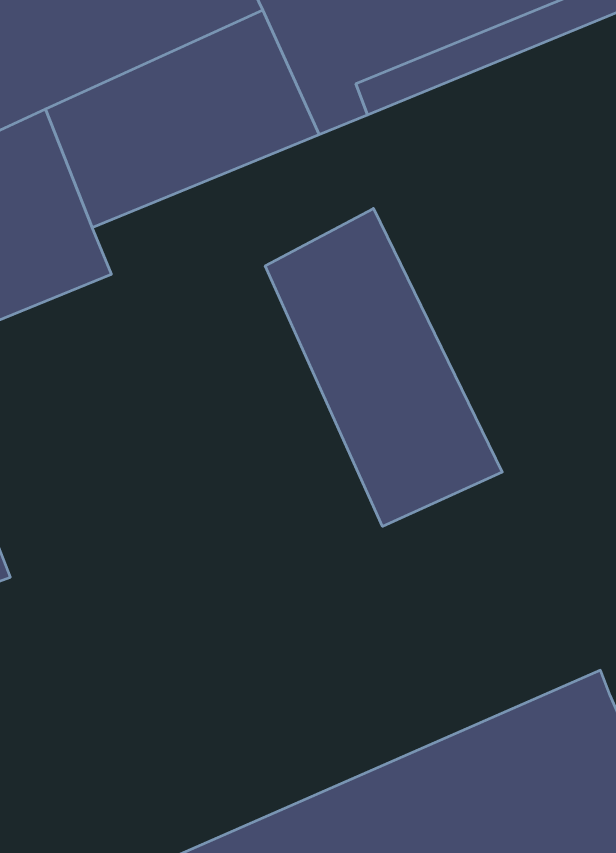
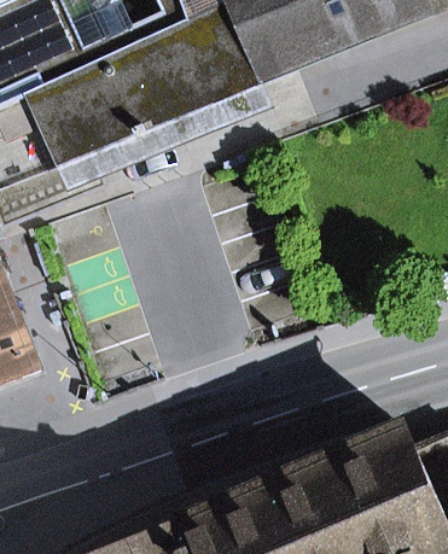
building: [265,208,502,526] -> none

